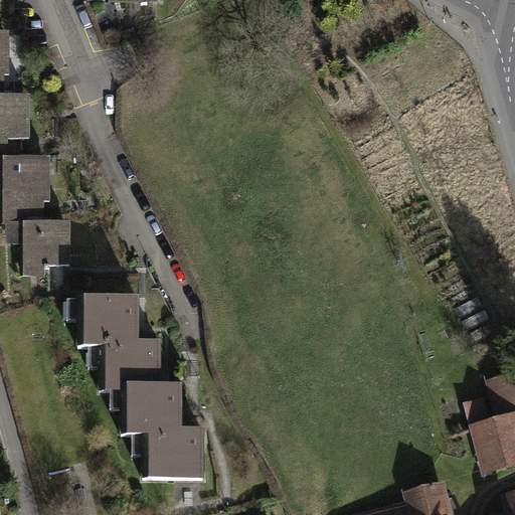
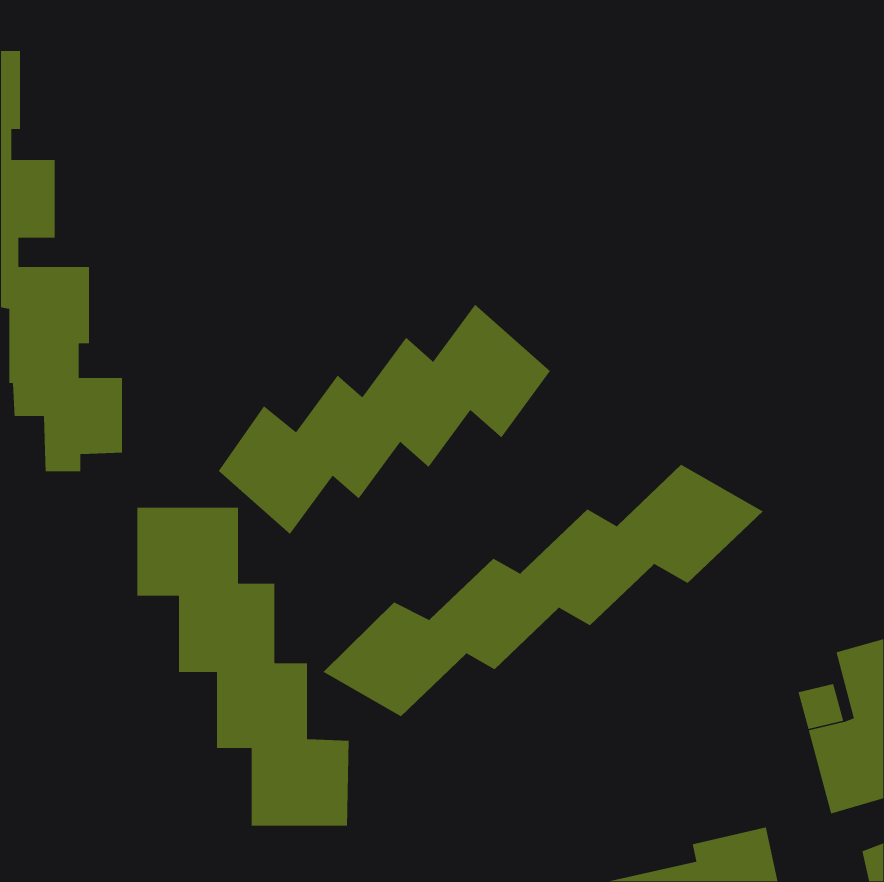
building: none -> [218,304,551,535]
building: none -> [322,464,764,717]

